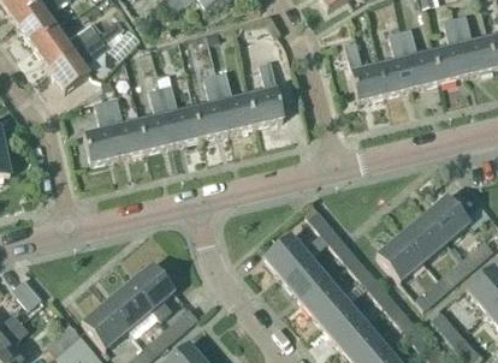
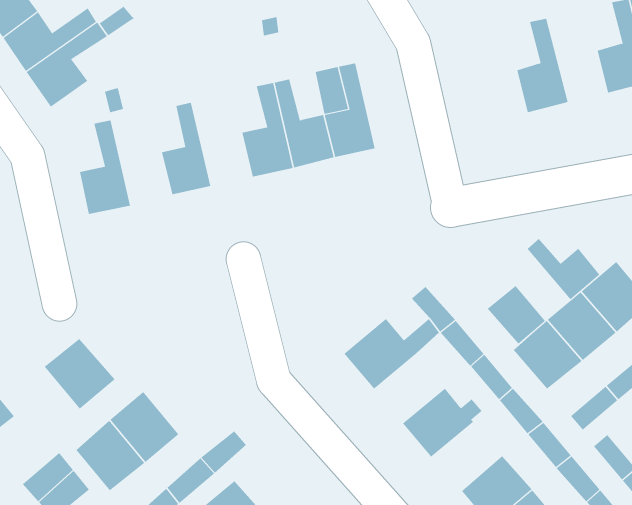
building: [401,28,441,87] -> none
building: [345,41,387,101] -> none
building: [161,83,202,143] -> none
building: [107,96,148,156] -> none
building: none -> [527,238,600,300]
building: none -> [487,285,546,345]
building: [284,256,332,303] -> none
building: [129,262,177,310] -> [44,338,115,410]
building: [322,302,370,349] -> none

